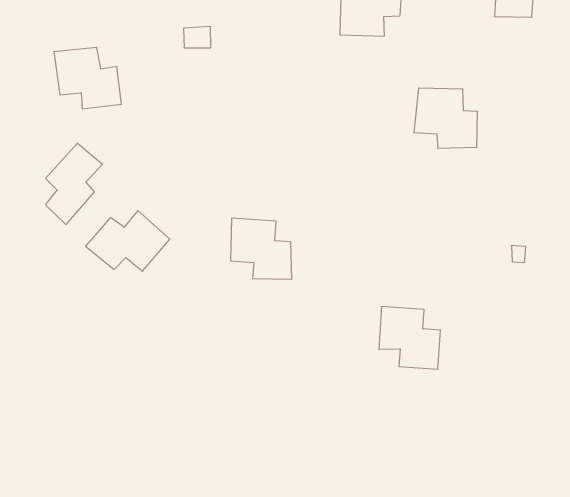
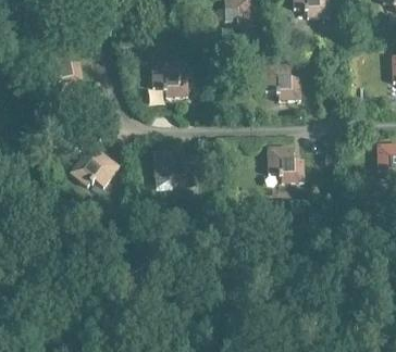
building: none -> [151,61,189,97]
building: [46,143,103,224] -> none
building: [379,307,441,369] -> [268,147,305,183]

